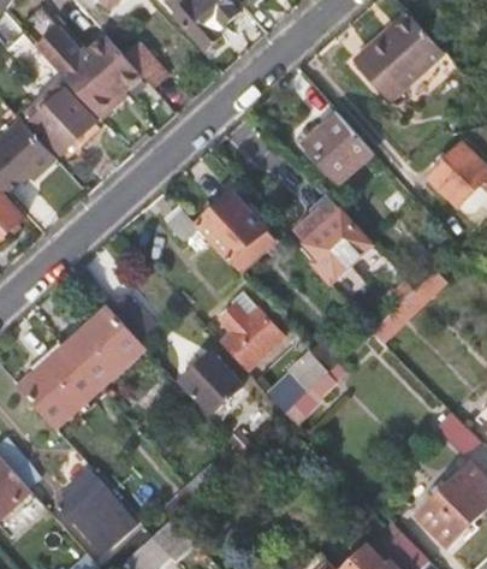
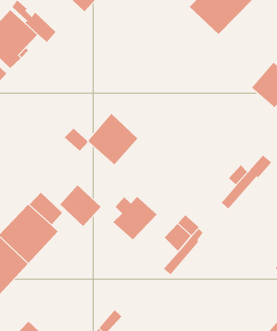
building: [304,113,374,184] -> none
building: [304,208,374,285] -> none
building: [183,355,240,414] -> [59,185,102,227]

